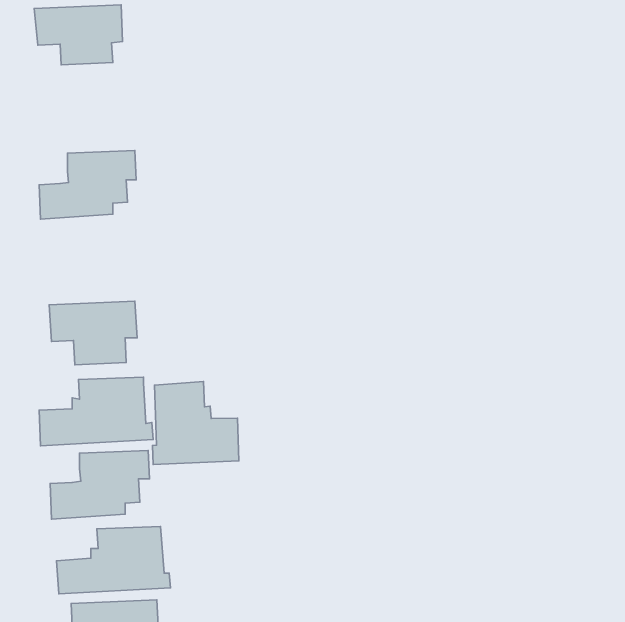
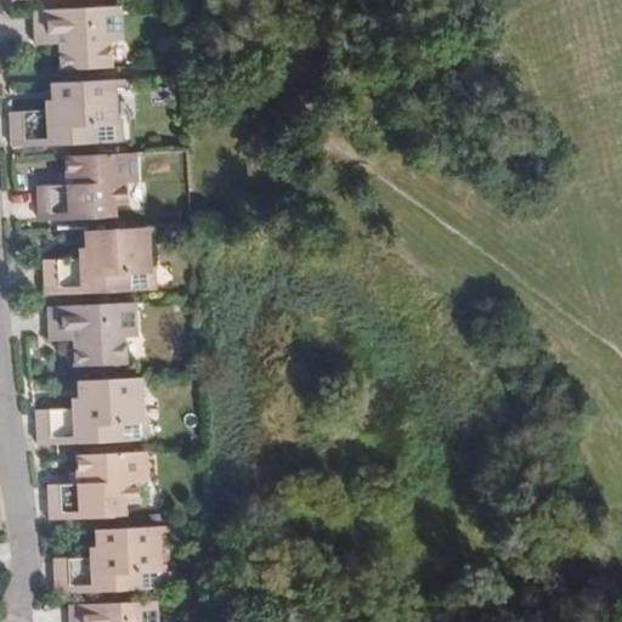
building: none -> [12,80,125,146]
building: none -> [46,228,158,294]
building: [153,382,239,465] -> none

